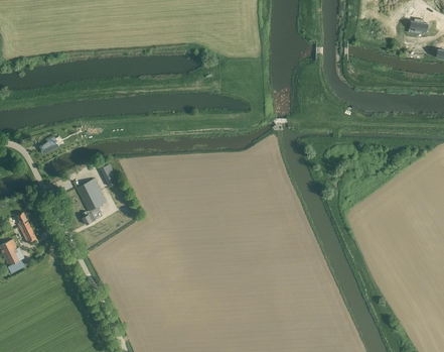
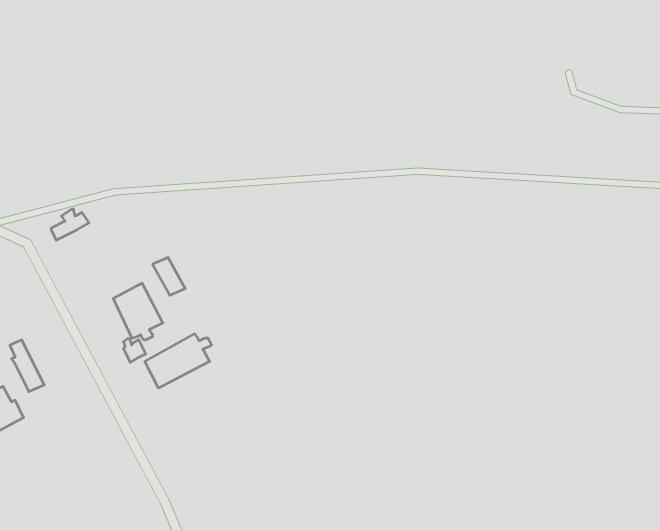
building: none -> [145,334,212,388]

